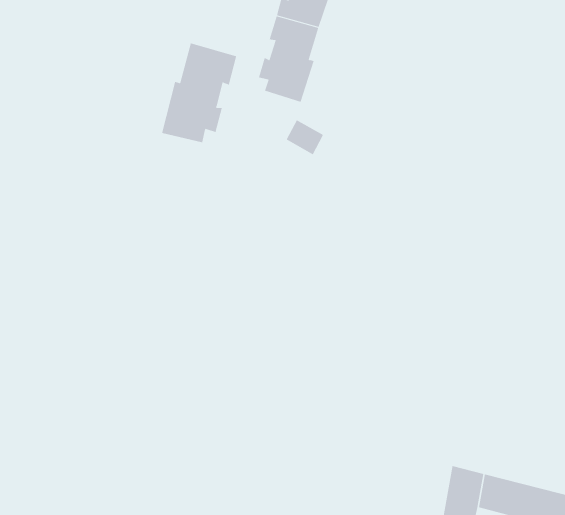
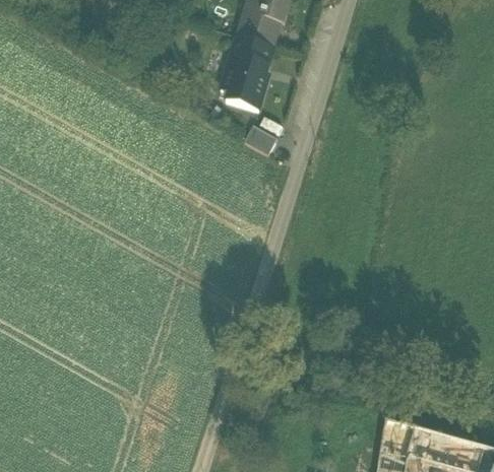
building: [161,42,237,143] -> none

